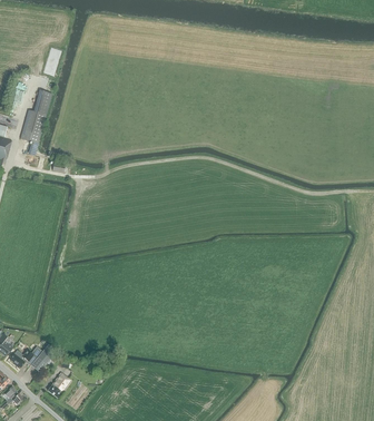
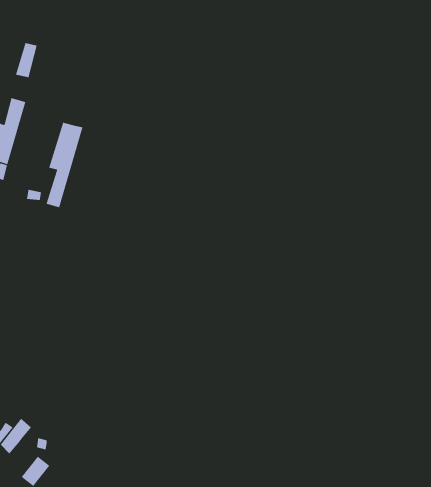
building: none -> [46,122,83,208]

